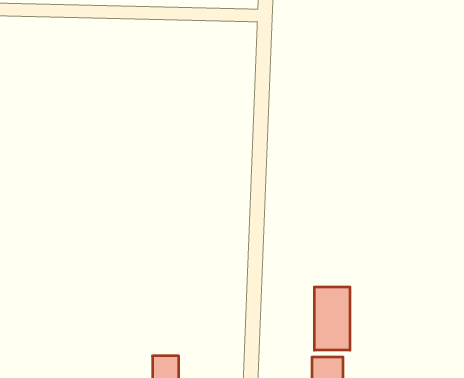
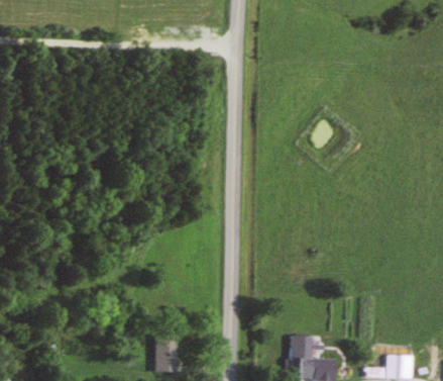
building: [314,287,350,350] -> none

